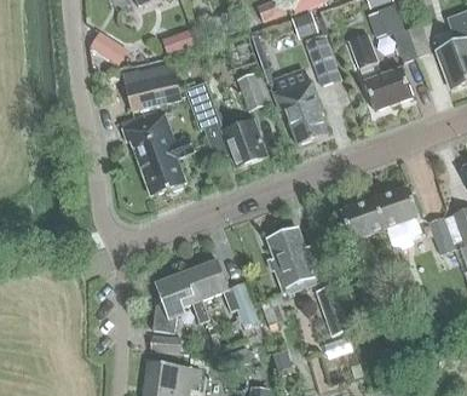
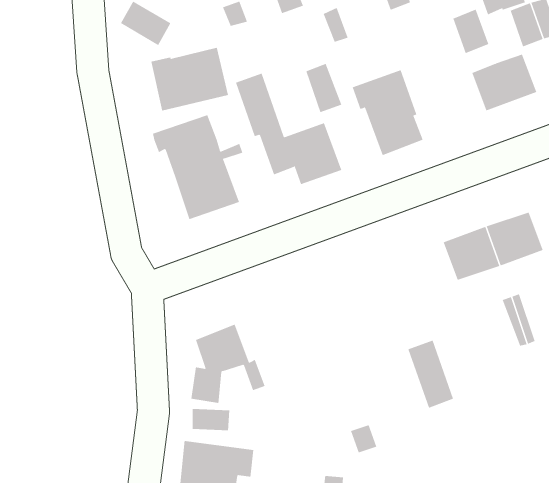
building: [305,36,340,85] -> none
building: [267,226,322,293] -> none
building: [184,259,258,323] -> none

